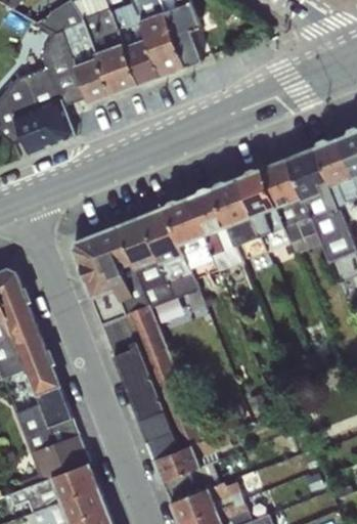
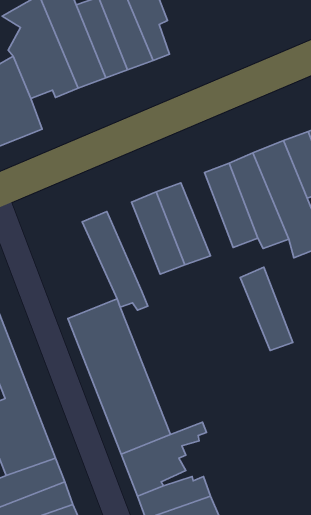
building: [214,178,266,261] -> [240,267,293,351]
building: [140,208,196,297] -> none
building: [74,227,150,323] -> none

